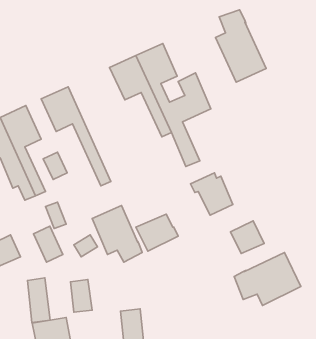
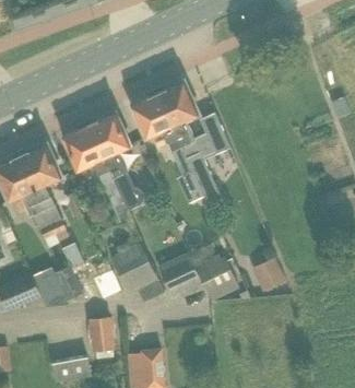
building: [215,10,266,82] -> none
building: none -> [88,111,143,219]
building: [191,173,233,215] -> [194,254,237,296]
building: [234,252,301,305] -> none
building: [28,278,50,322] -> none

